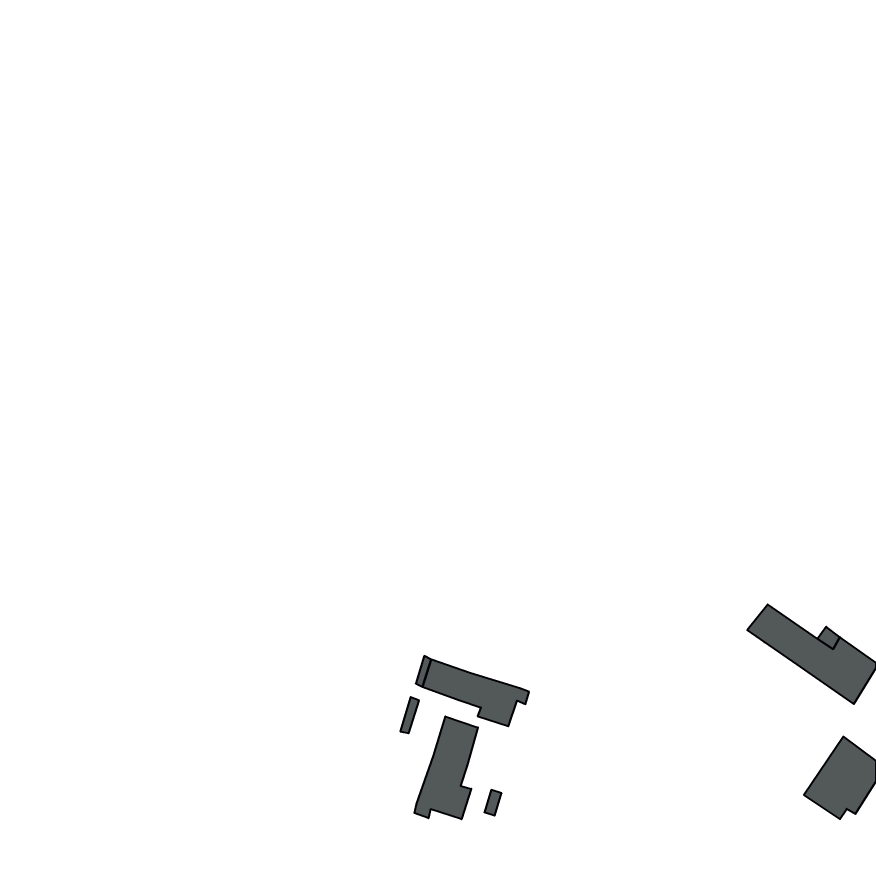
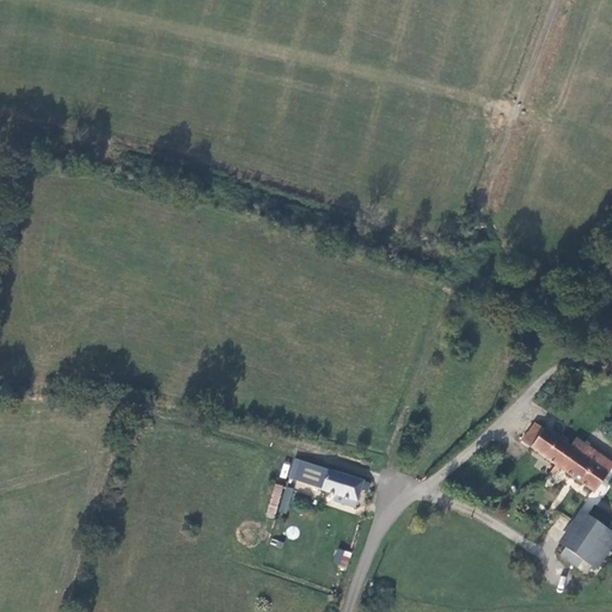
building: [414,716,478,819] -> none

